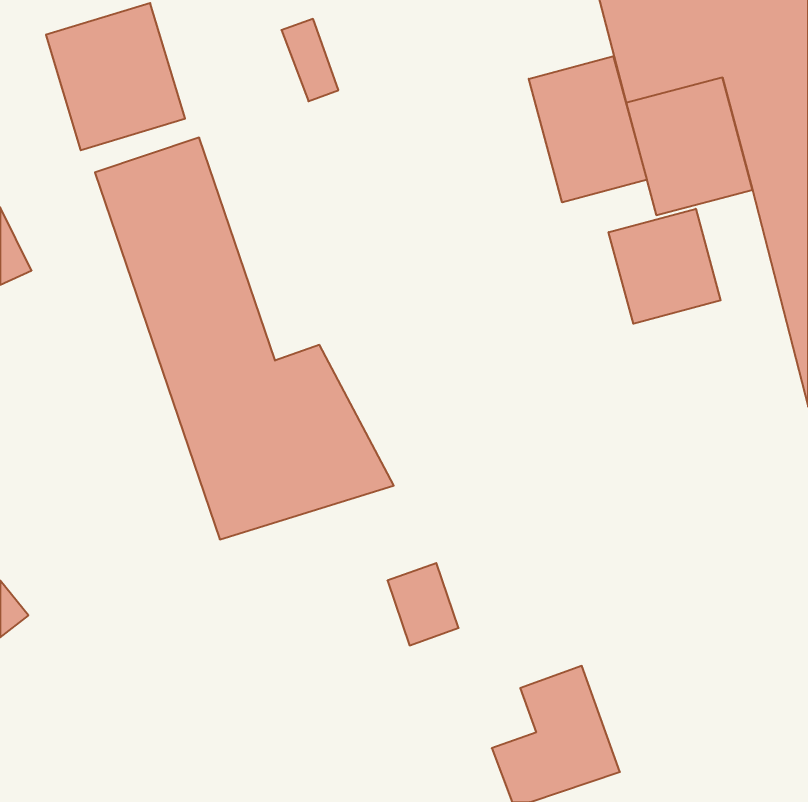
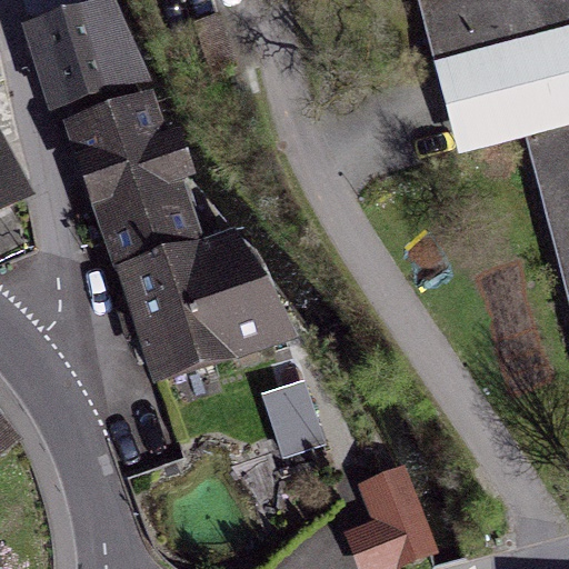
building: [529,56,647,202] -> none
building: [609,209,721,324] -> none

